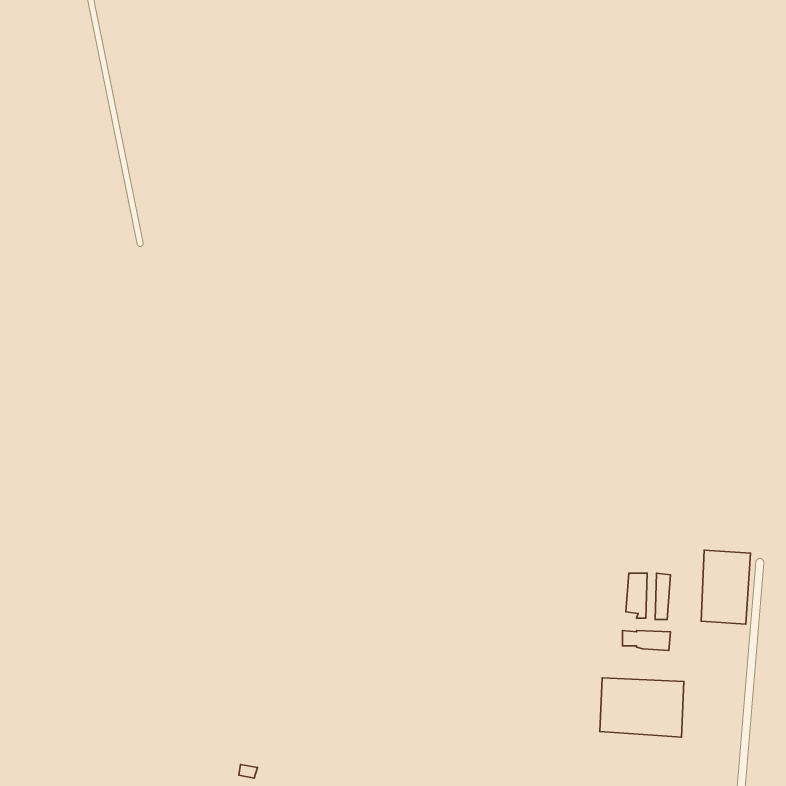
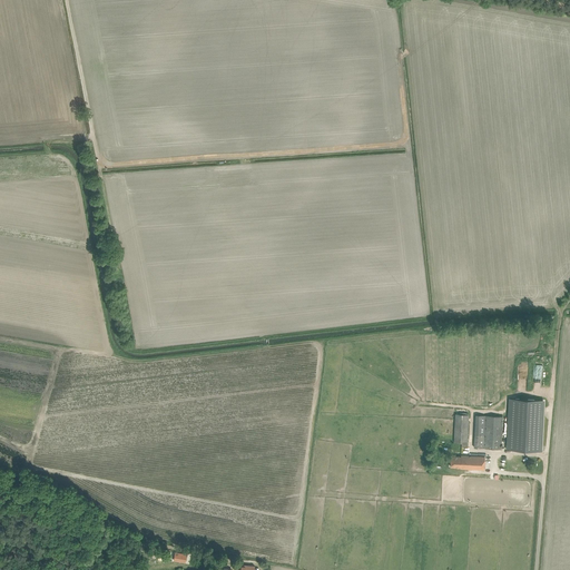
building: none -> [483,416,501,450]
building: [600,678,684,737] -> none

